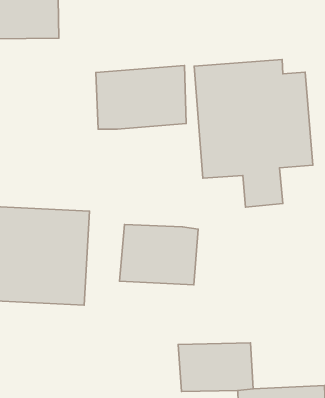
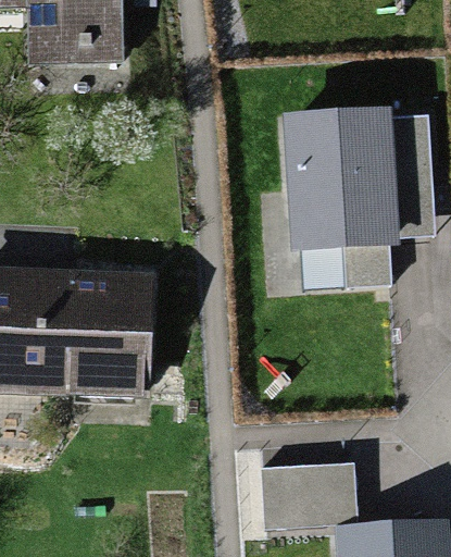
building: [96,66,186,129] -> none
building: [119,225,198,285] -> none

